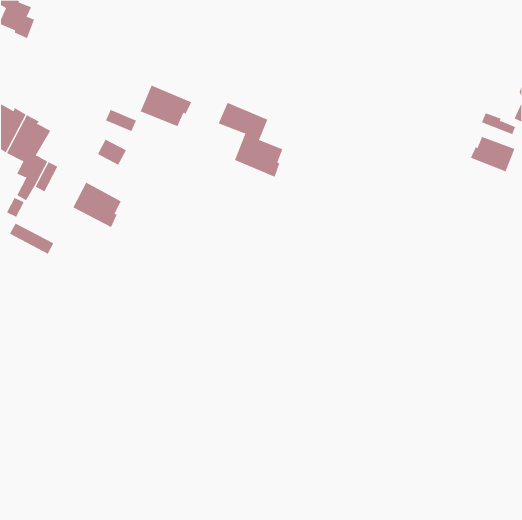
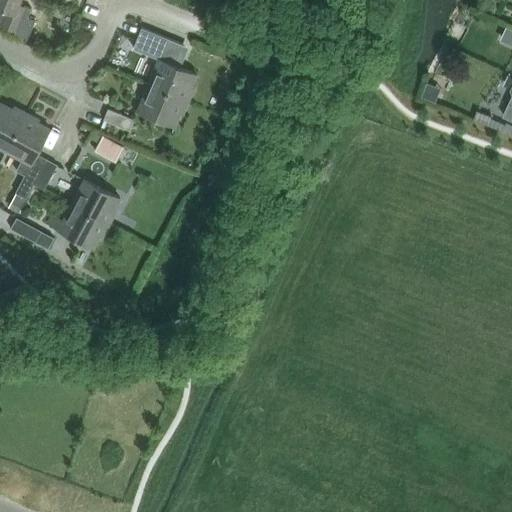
building: [218,102,283,178] -> [132,28,196,102]
building: [470,136,515,172] -> none
building: none -> [47,205,109,248]

